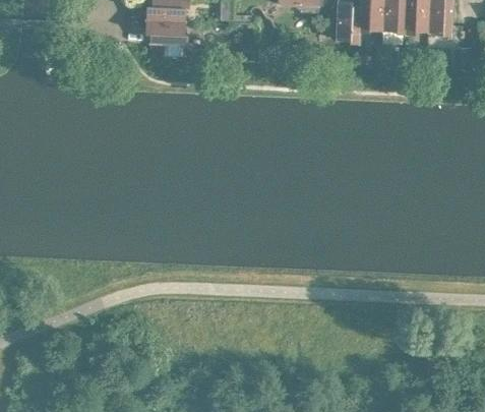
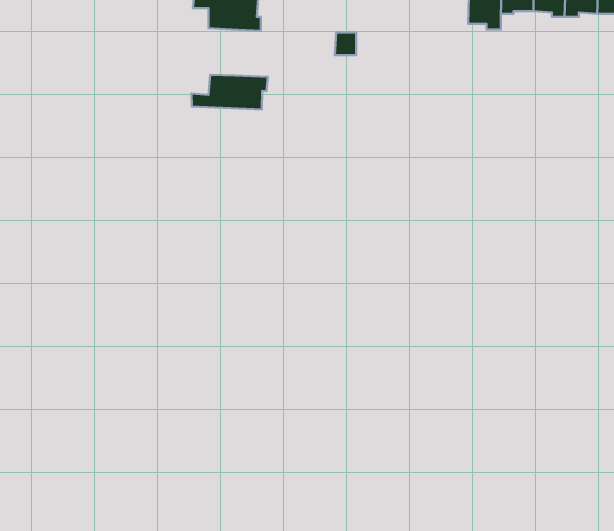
building: none -> [191,75,268,110]

